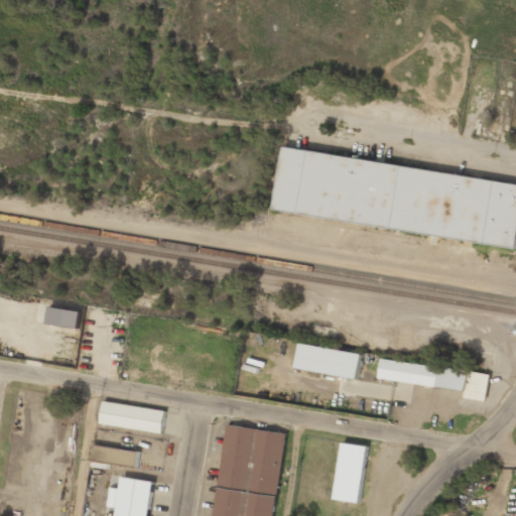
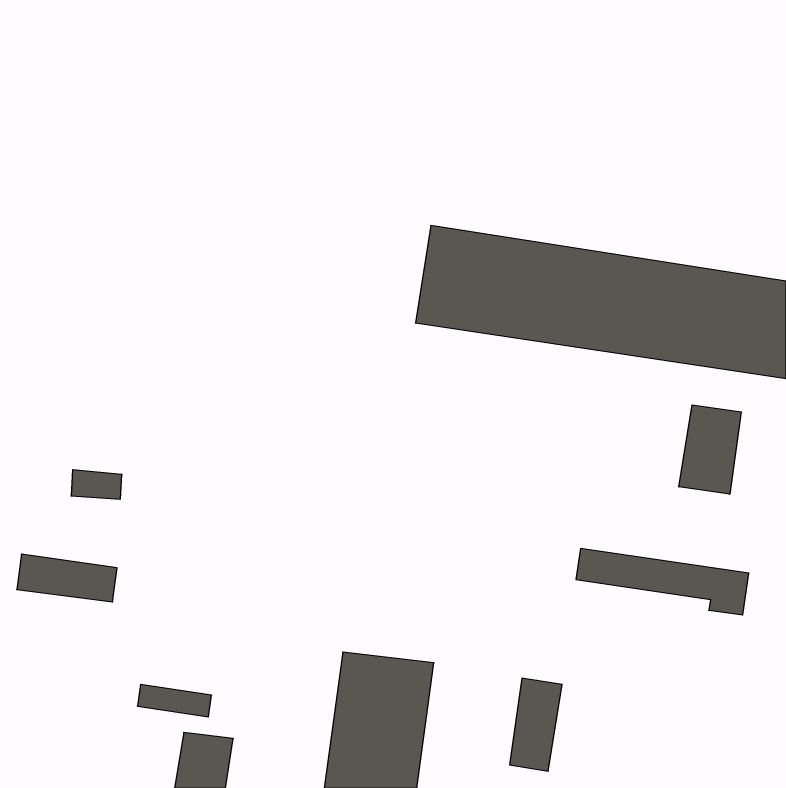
building: none -> [679,405,741,494]
building: [294,344,360,379] -> none
building: [99,402,164,433] -> [17,554,117,602]

